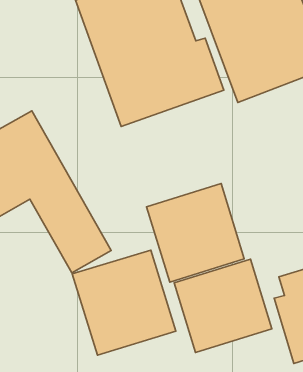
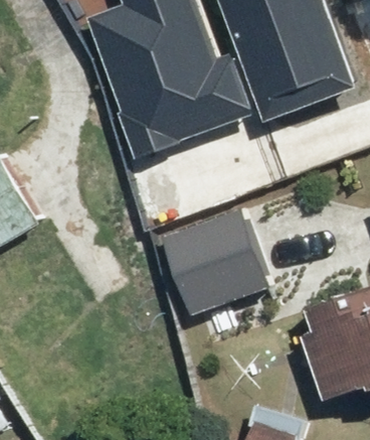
building: [72,250,176,355] -> none
building: [174,259,272,352] -> none

